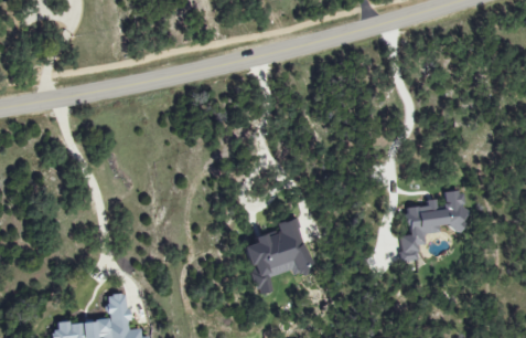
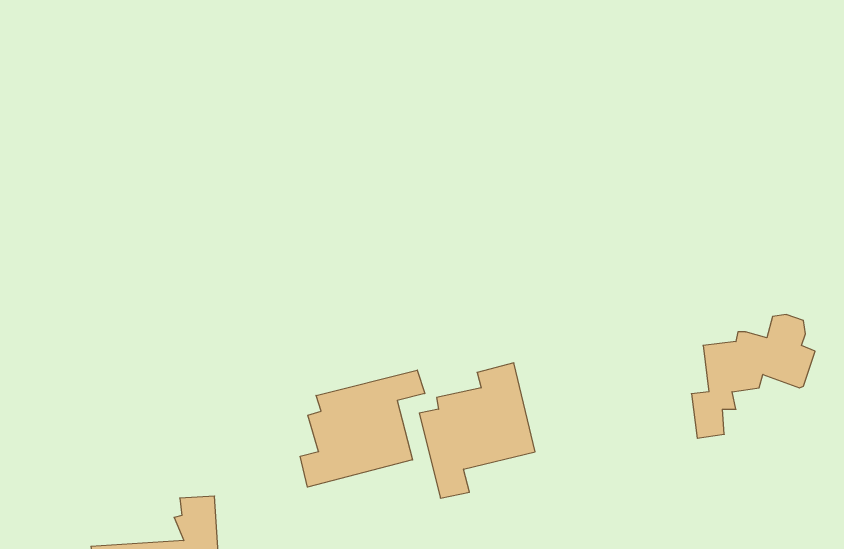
building: none -> [300,370,425,487]

